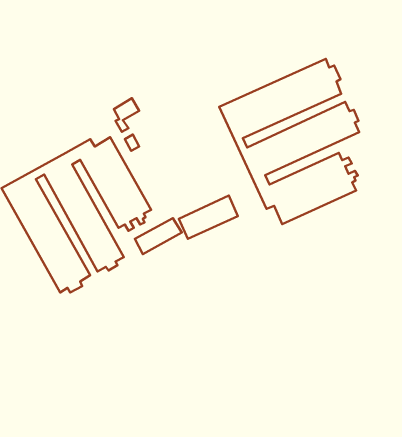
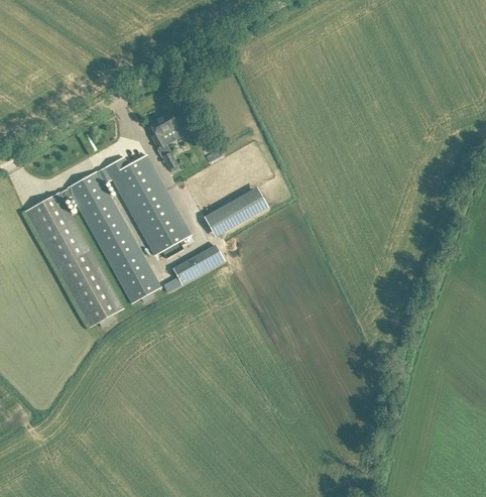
building: [219,59,359,224] -> none
building: [179,195,238,239] -> [206,187,271,235]

